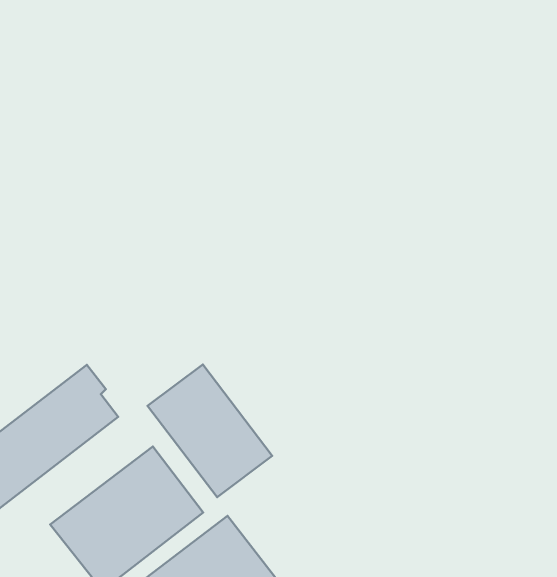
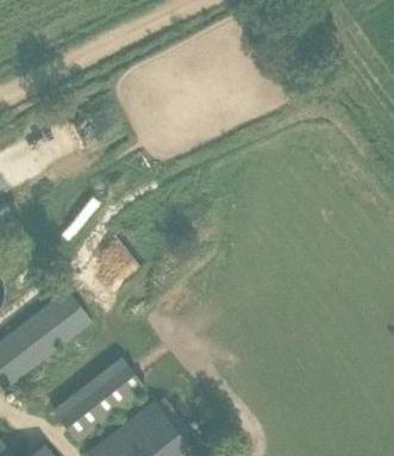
building: [148,364,272,497] -> none

